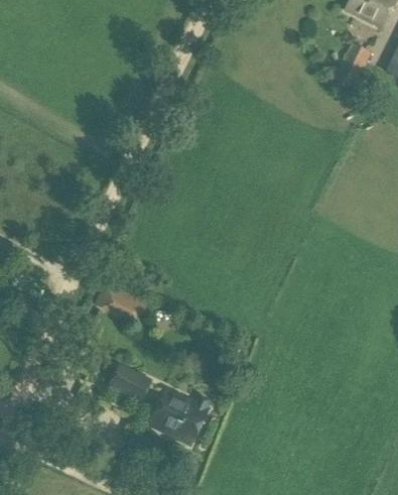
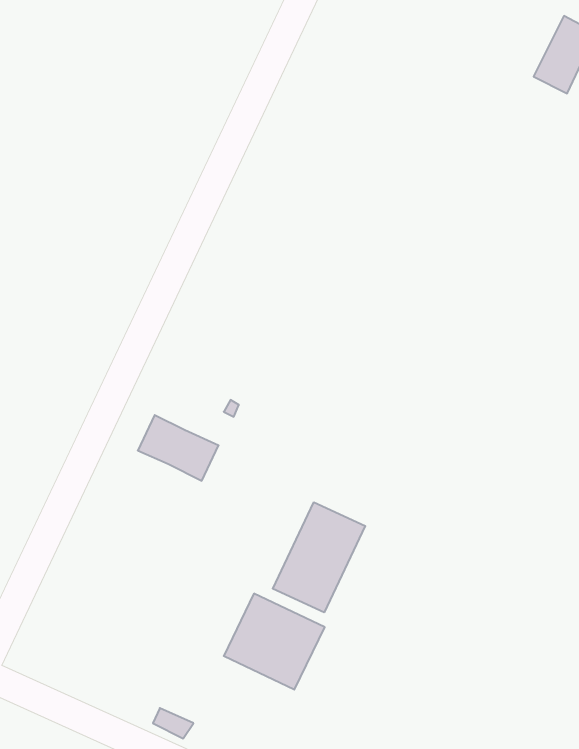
building: none -> [273,502,365,612]
building: [107,362,152,402] -> none

